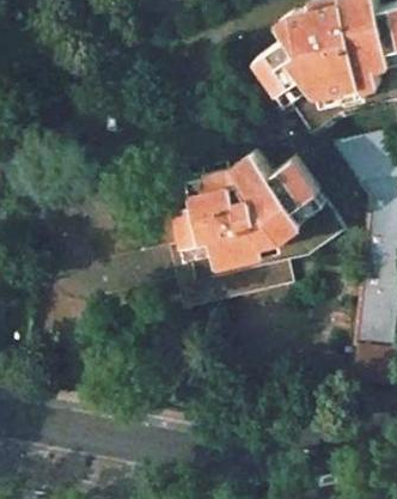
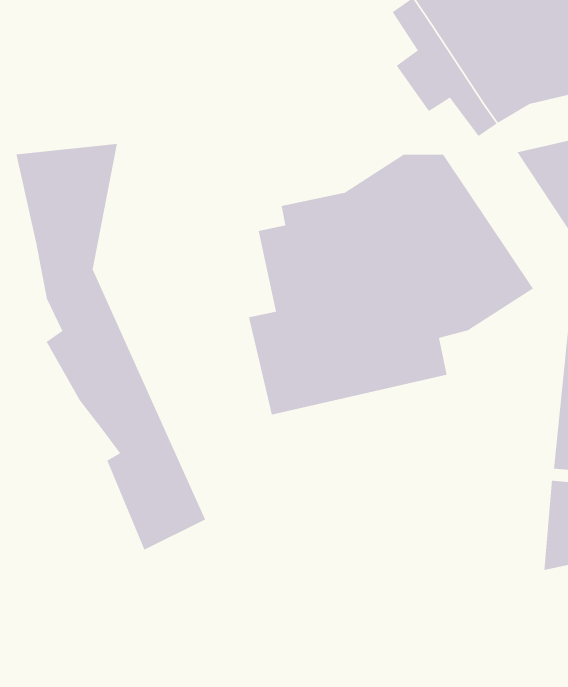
building: none -> [16,143,206,550]

